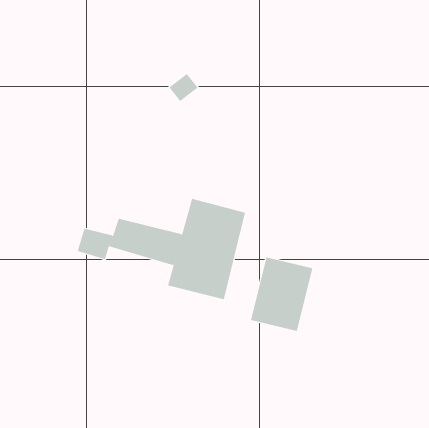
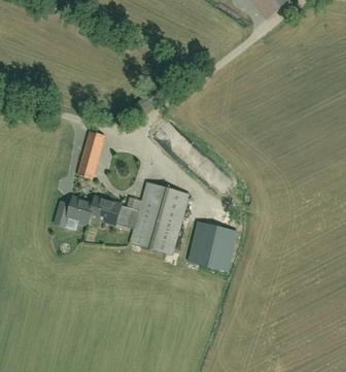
building: none -> [82,131,107,175]

